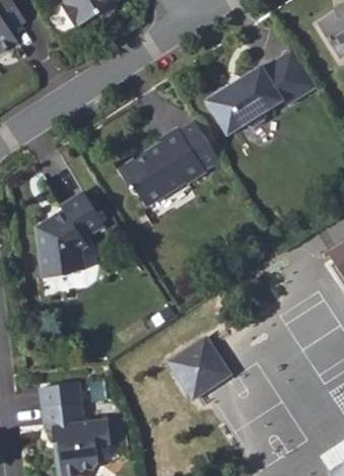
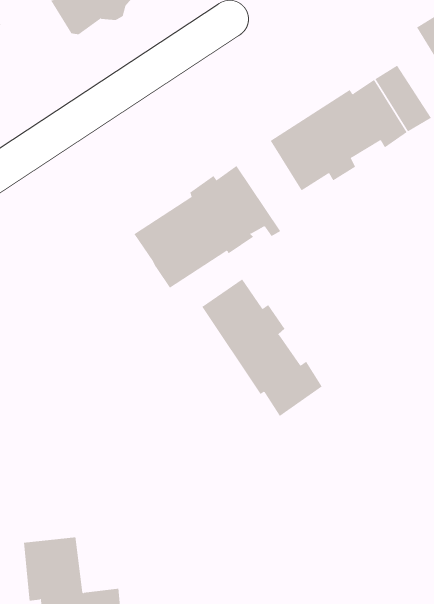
building: [38,192,102,277] -> none
building: none -> [201,278,323,417]
building: [168,336,229,397] -> none

